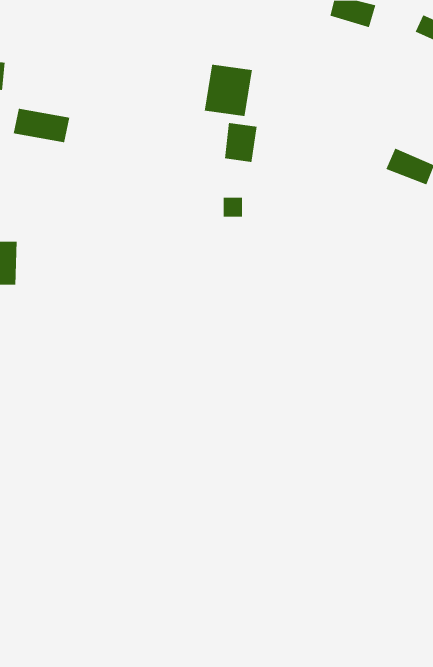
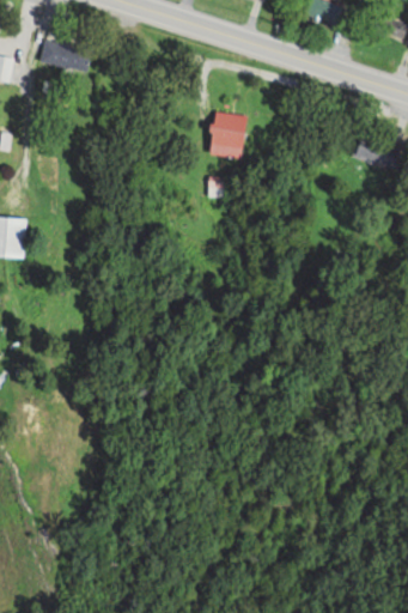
building: [204,64,253,117] -> none
building: [13,108,70,143] -> [41,40,92,71]

